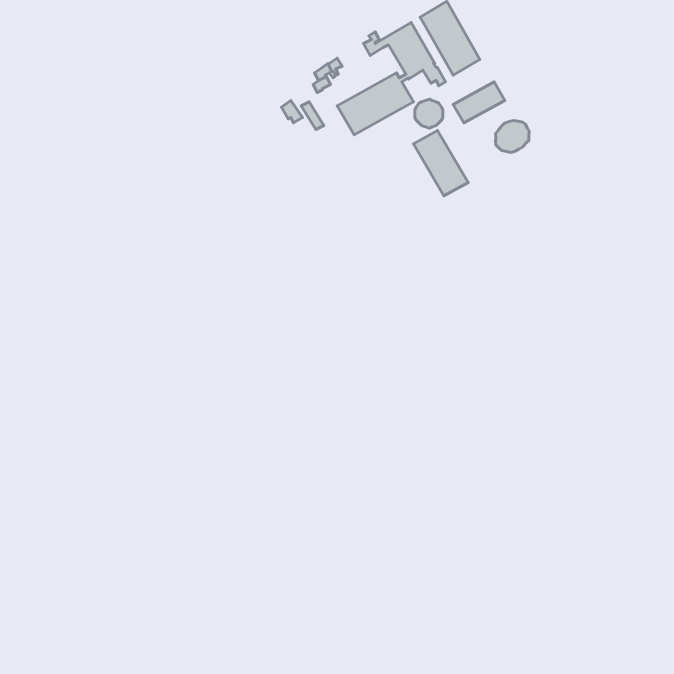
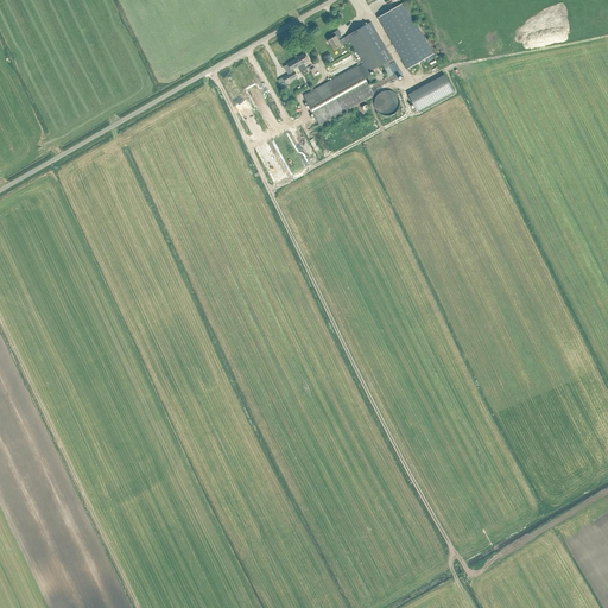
building: [495,120,529,152] -> none
building: [413,130,468,196] -> none

